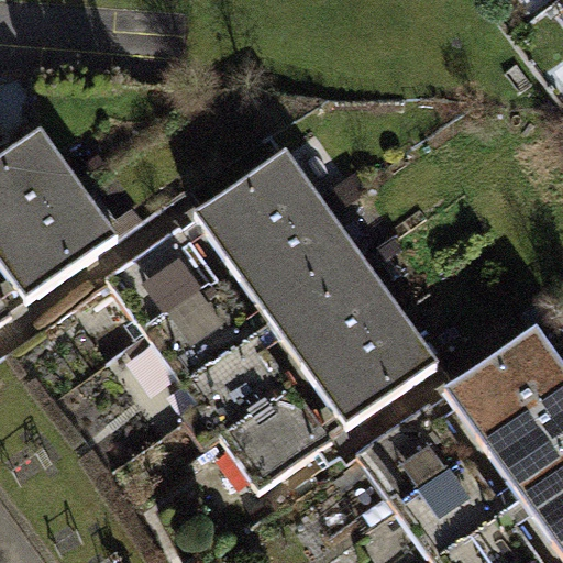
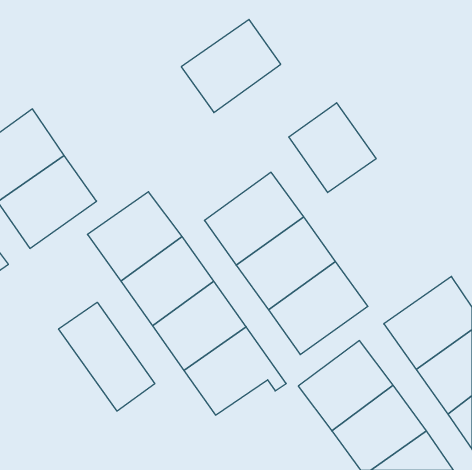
building: none -> [289,103,376,193]
building: [203,151,321,261] -> [181,19,281,113]
building: none -> [59,302,155,411]

